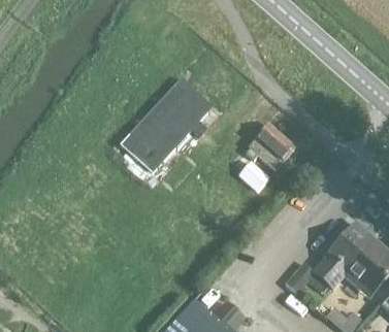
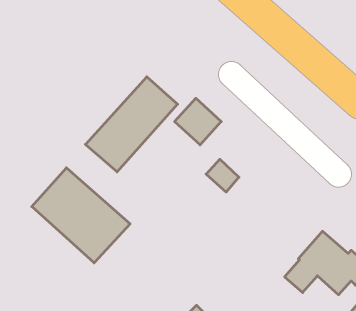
building: [250,126,295,171] -> [175,98,221,145]
building: none -> [32,168,130,263]

